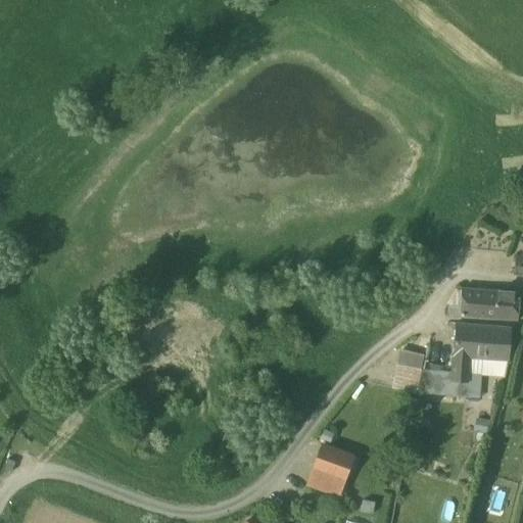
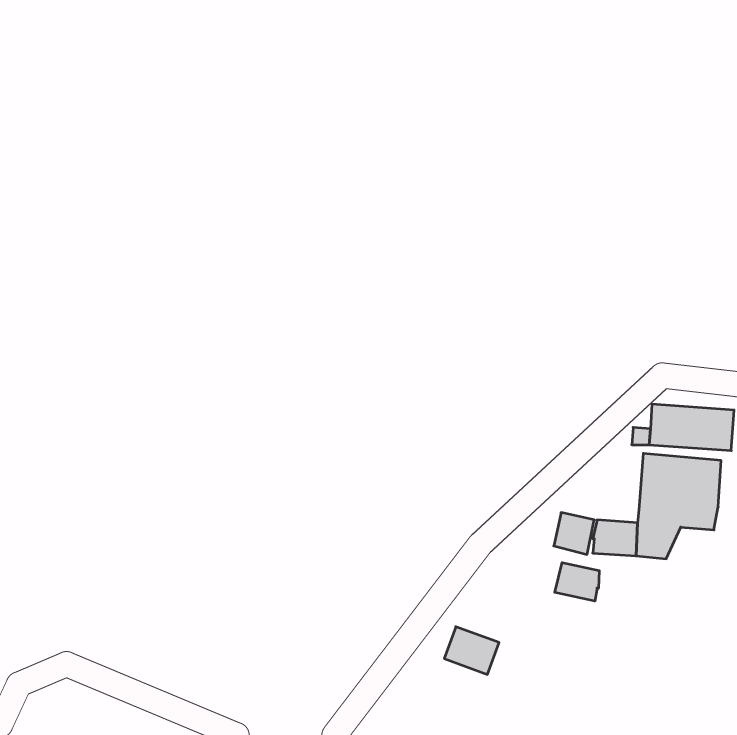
building: none -> [555,563,599,601]
building: [308,466,345,493] -> none

